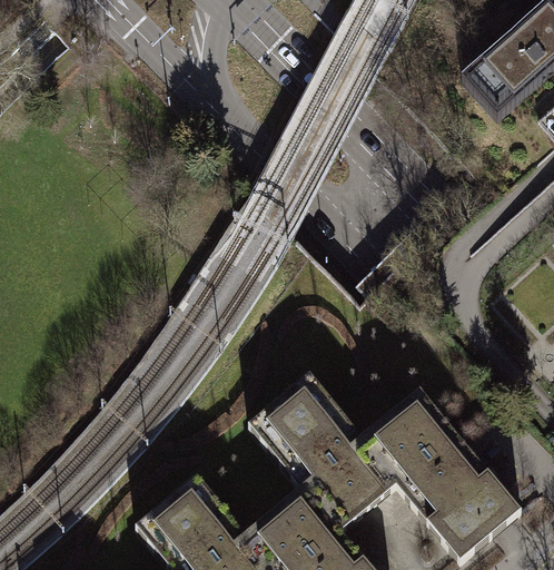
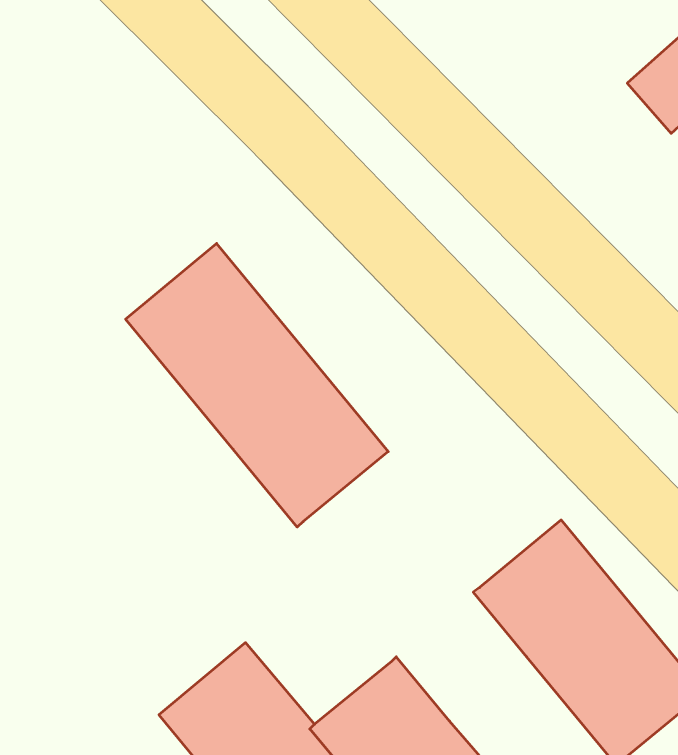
building: none -> [126,243,388,527]
building: [247,380,395,537] -> none

